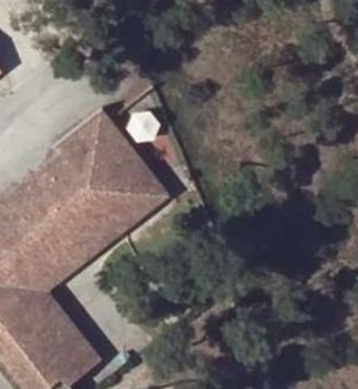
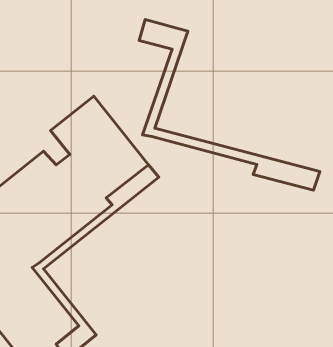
building: none -> [139,20,320,190]

